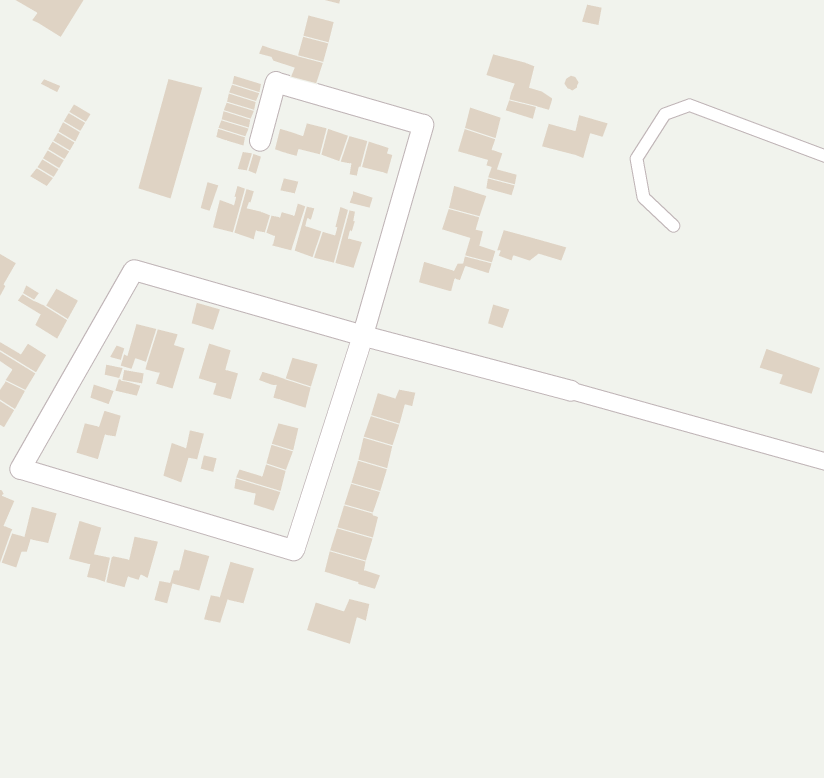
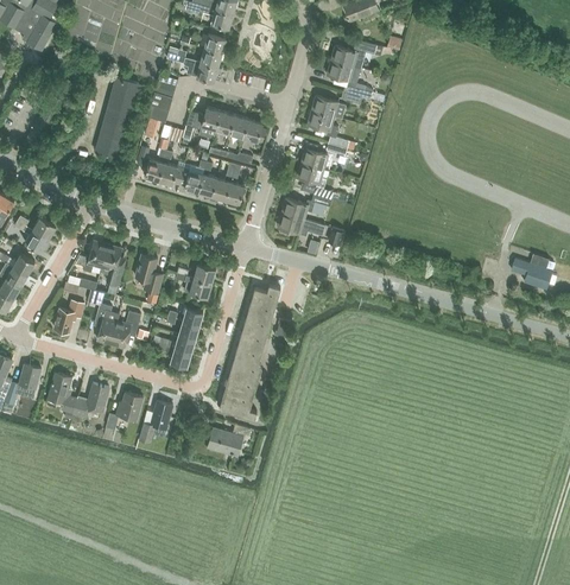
building: [541,114,609,159] -> [331,39,376,69]
building: [496,229,567,261] -> [277,214,324,235]
building: none -> [94,304,118,343]

